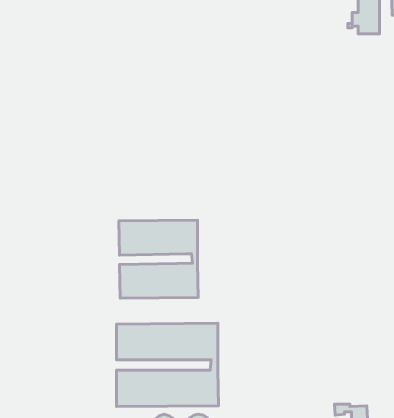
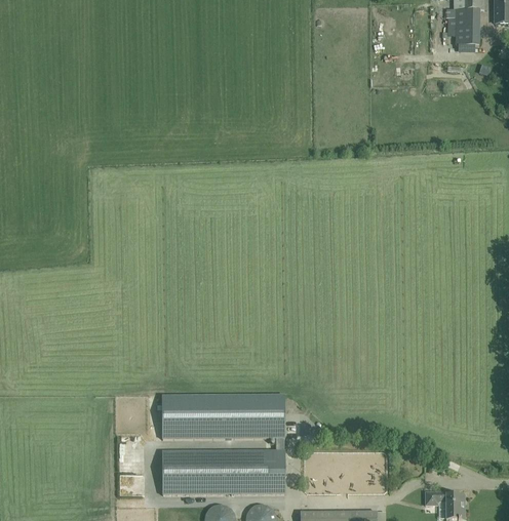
building: [119,220,198,298] -> none

